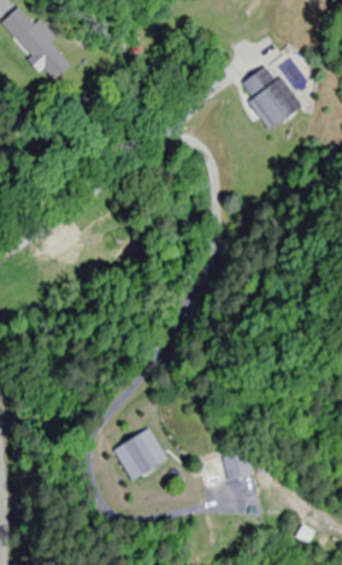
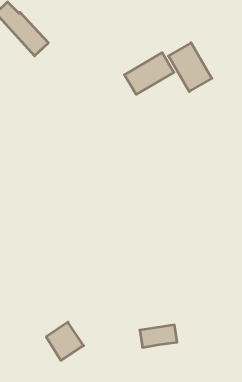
building: none -> [124,53,174,94]
building: [119,427,171,480] -> [46,322,84,360]

